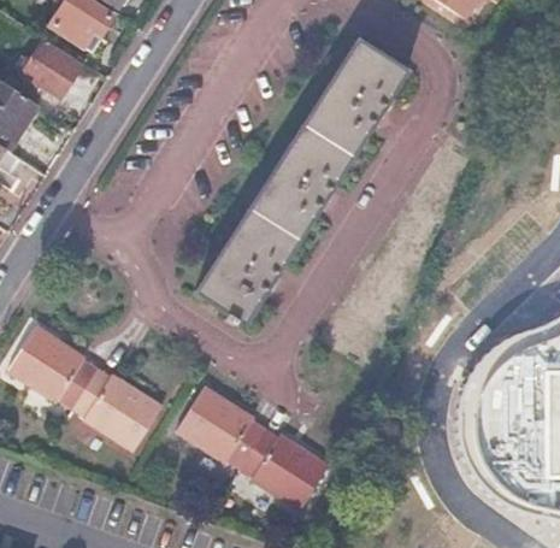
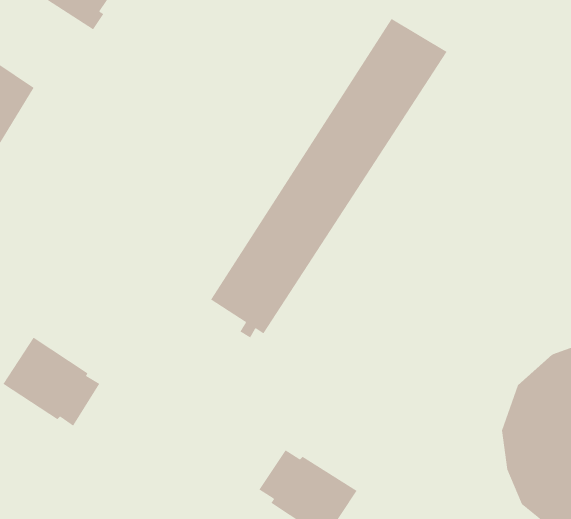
building: [16,41,79,102] -> none
building: [72,370,159,449] -> none
building: [177,388,263,465] -> none

